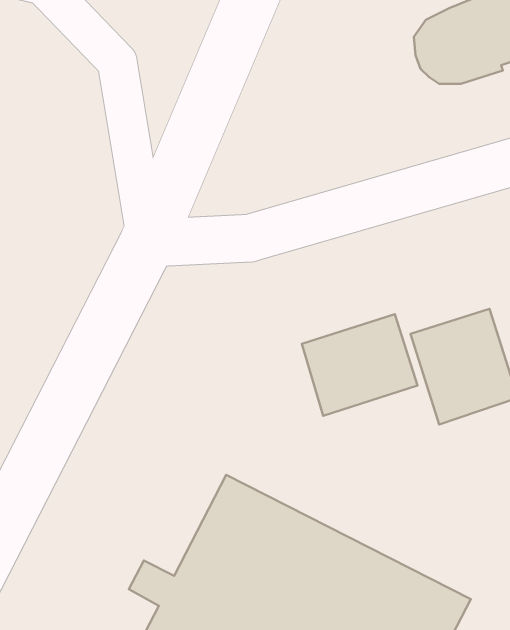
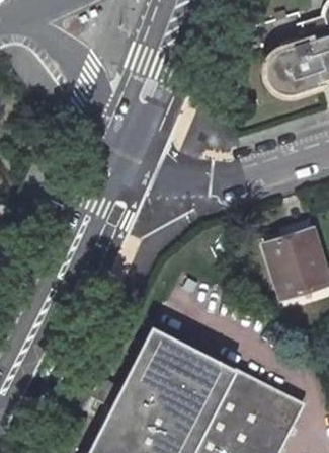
building: [302,314,418,416] -> none

